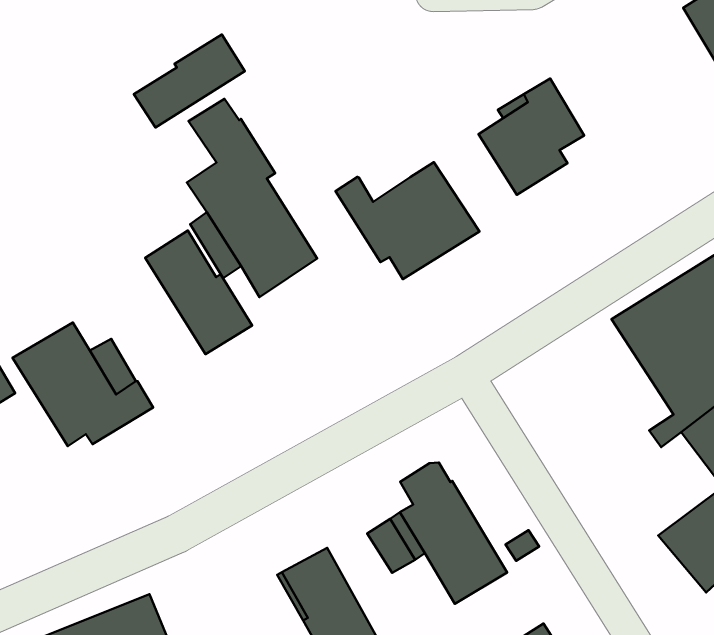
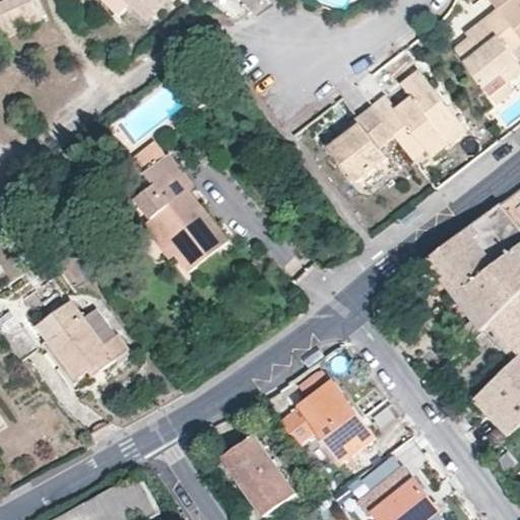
building: none -> [370,71,465,161]
building: [134,34,245,128] -> none
building: [335,162,479,279] -> none
building: [145,231,252,354] -> none

